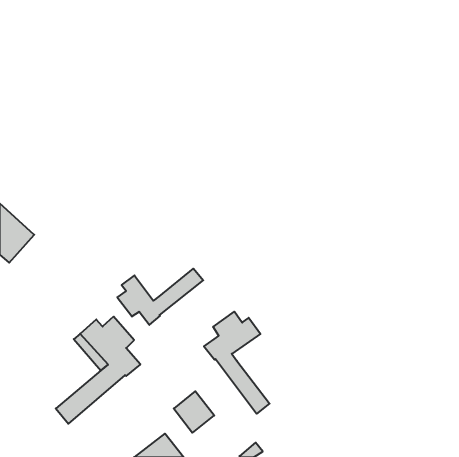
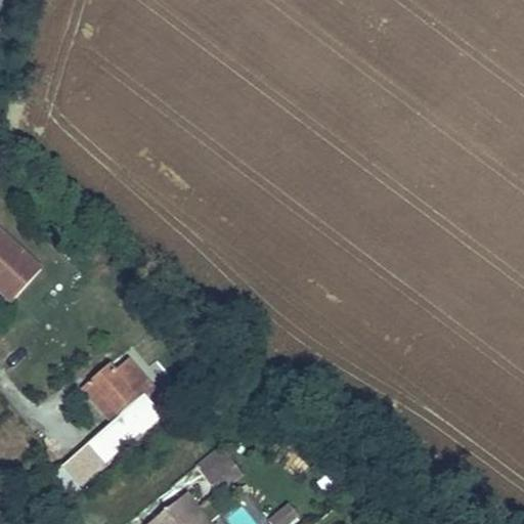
building: [117,269,203,325] -> none
building: [204,312,270,414] -> none

